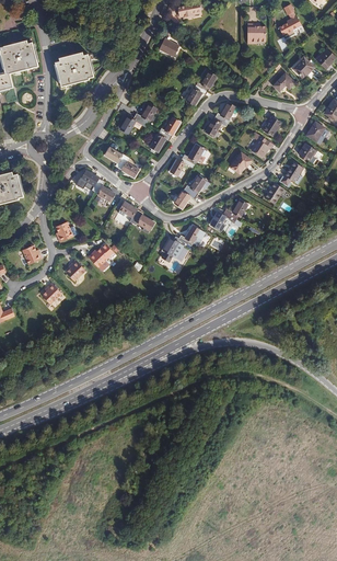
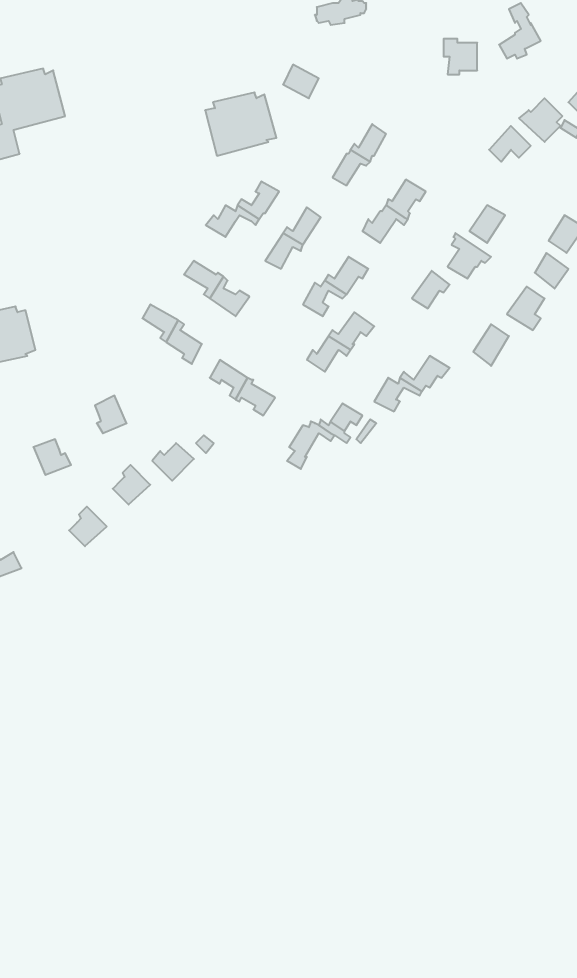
building: [54,51,93,87] -> [205,92,276,156]

